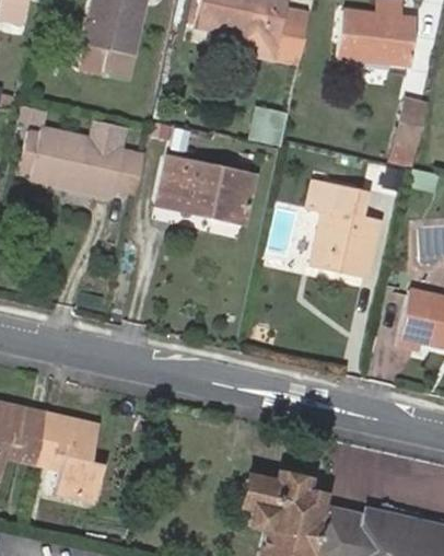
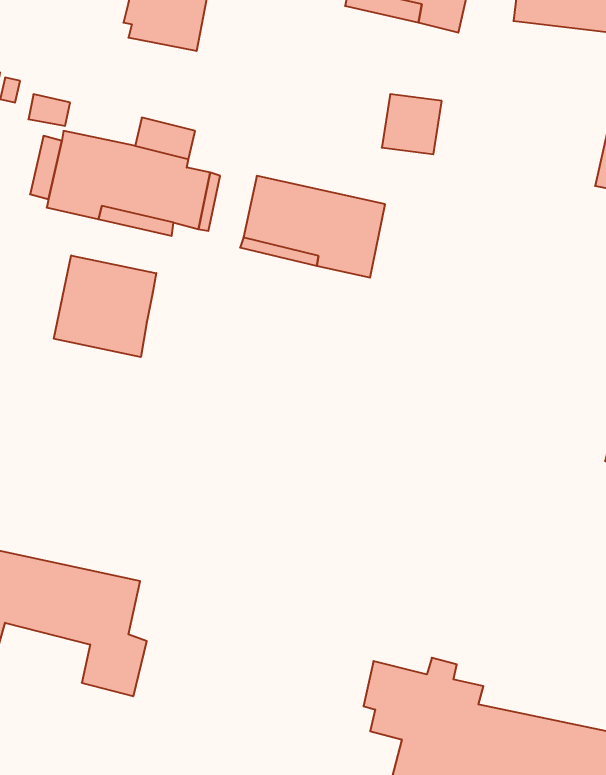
building: [309,182,378,276] -> none
building: none -> [54,255,156,357]

